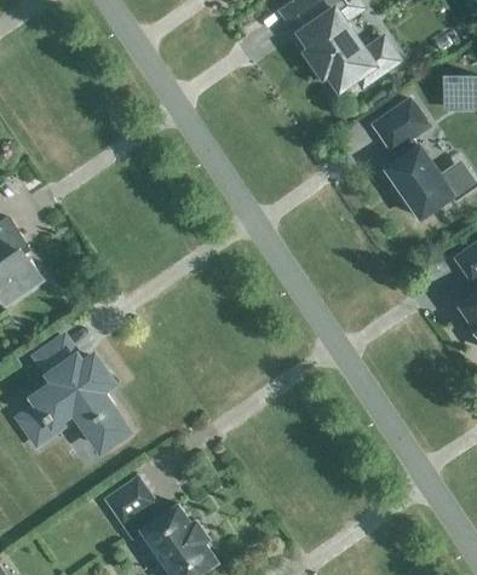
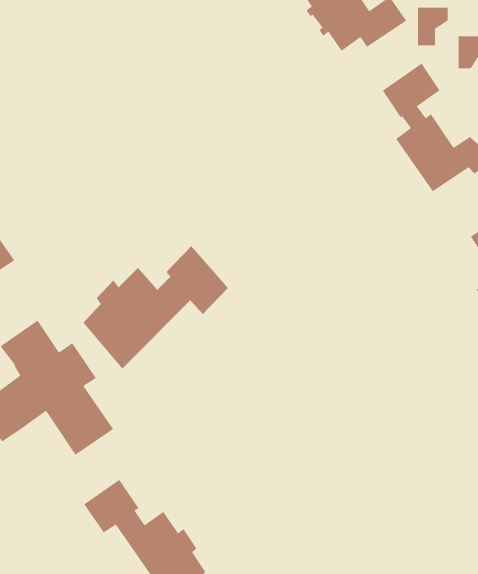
building: none -> [417,7,448,46]
building: none -> [82,245,229,369]

